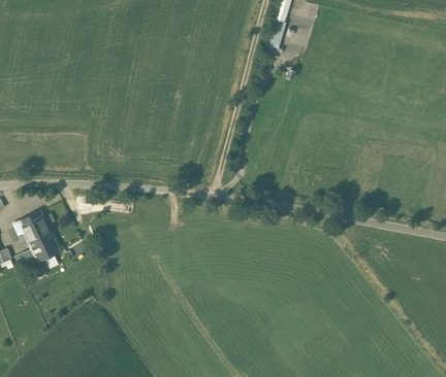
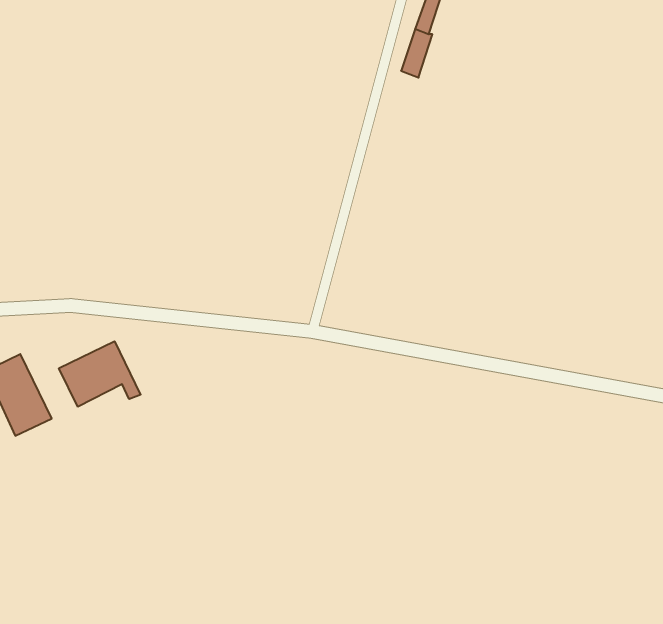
building: none -> [59,341,141,407]

